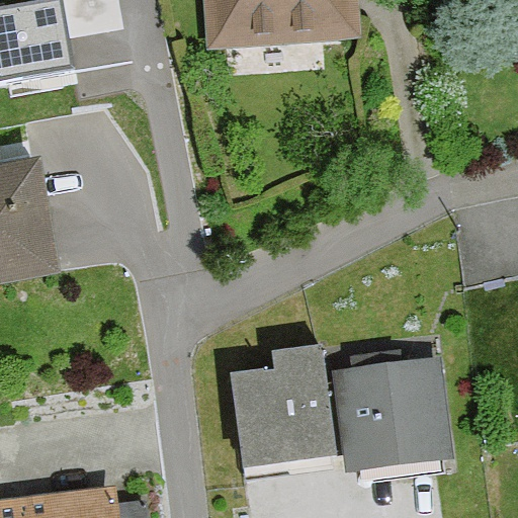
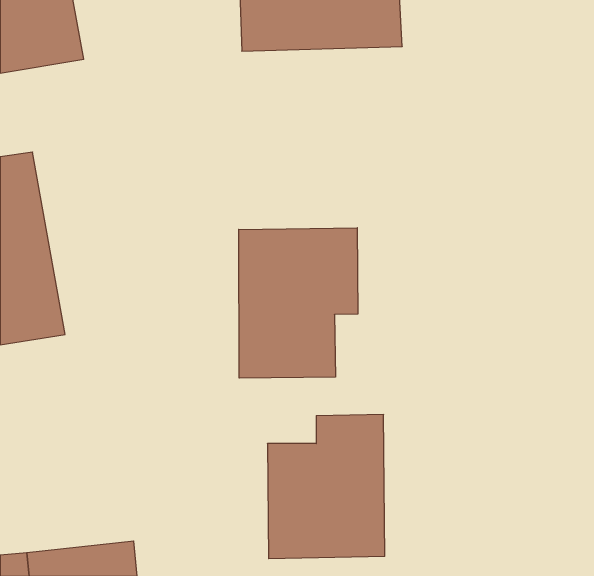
building: none -> [239,228,358,378]
building: [334,360,447,485] -> none

